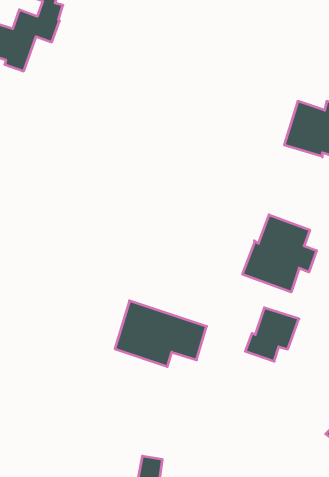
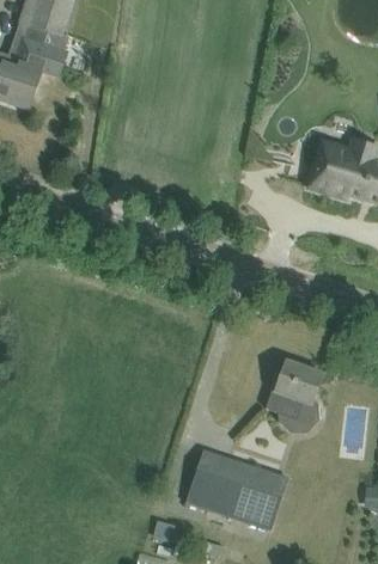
building: [243,215,316,292] -> none
building: [115,301,207,367] -> [188,450,286,521]

